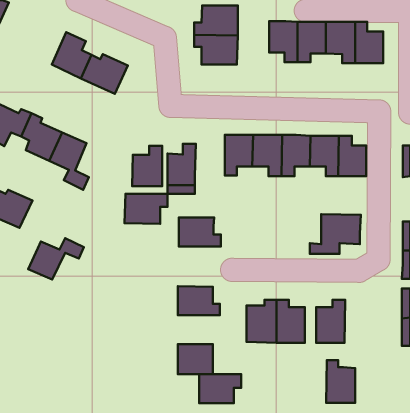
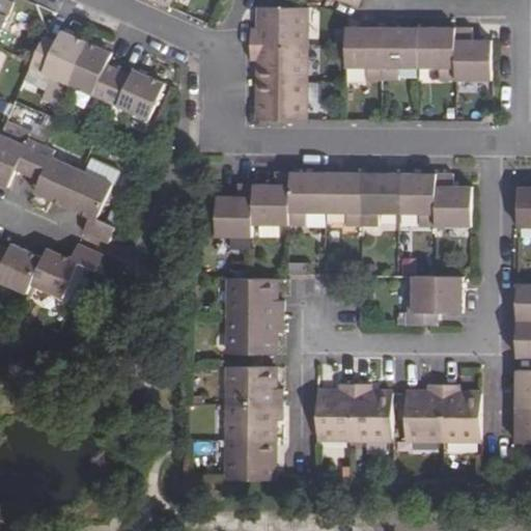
building: none -> [28,30,85,83]
building: none -> [258,83,304,121]
building: [132,146,162,186] -> [250,173,288,225]
building: [125,194,167,224] -> [228,316,283,355]
building: [28,238,84,280] -> [29,245,101,298]
building: [326,360,355,403] -> [442,385,479,440]
building: [199,374,241,403] -> [228,404,282,442]

